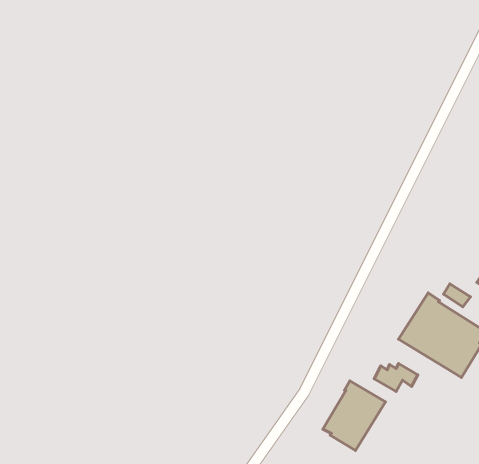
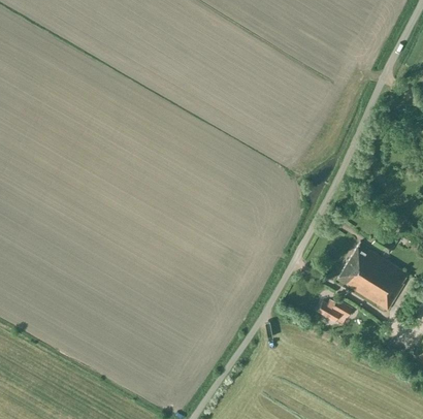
building: [323,381,385,451] -> none

